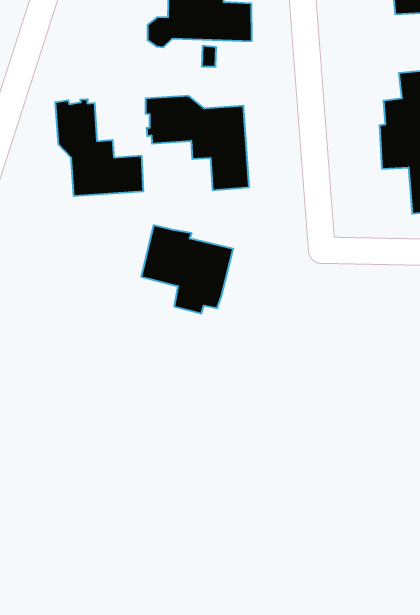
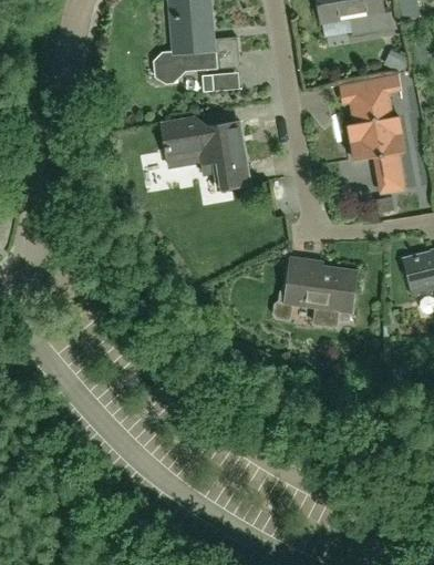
building: [55,99,143,196] -> none
building: [141,225,233,314] -> [285,259,355,326]

